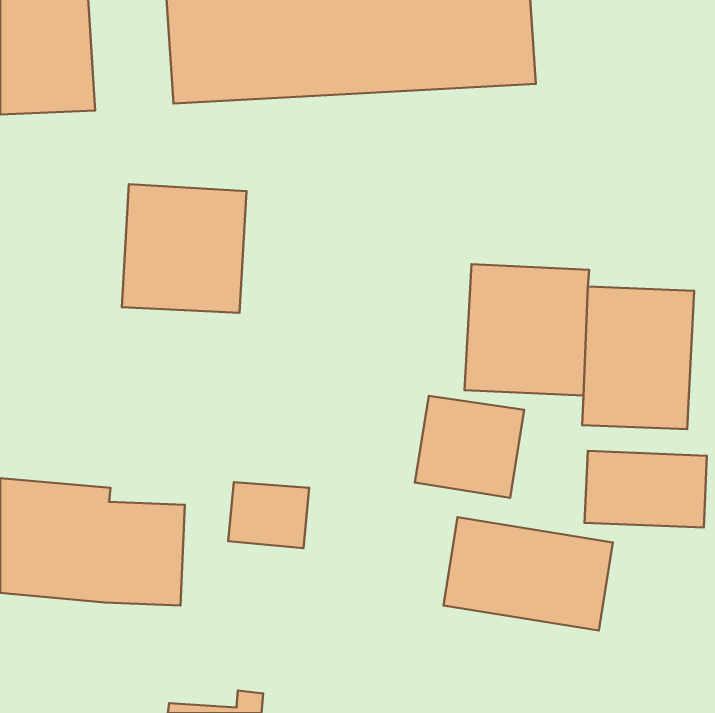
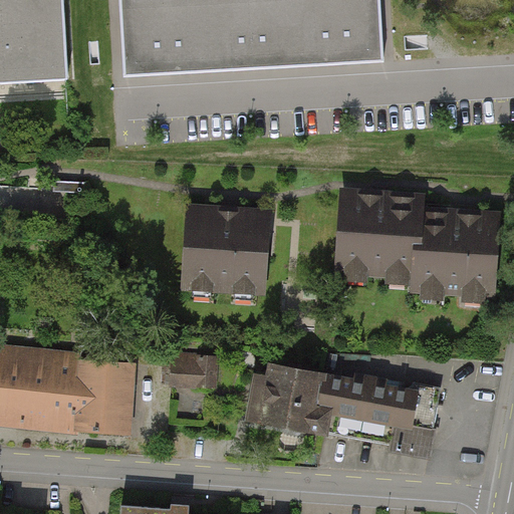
building: [122,184,246,313] -> [180,204,269,296]
building: [415,396,524,498] -> [250,361,328,435]
building: [585,451,707,528] -> none

